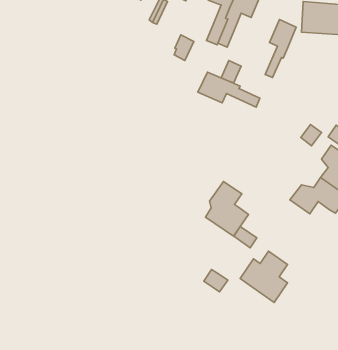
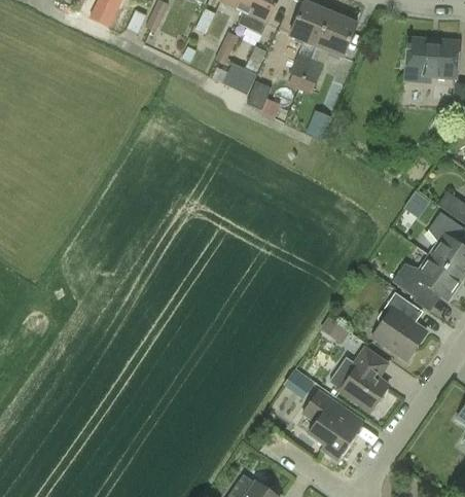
building: [265,19,296,78] -> none
building: none -> [224,64,257,95]
building: [198,72,260,107] -> none
building: [205,181,248,236] -> [372,291,426,359]
building: none -> [300,389,356,460]

